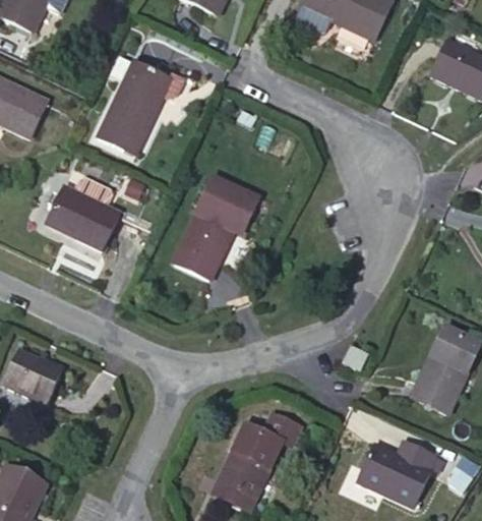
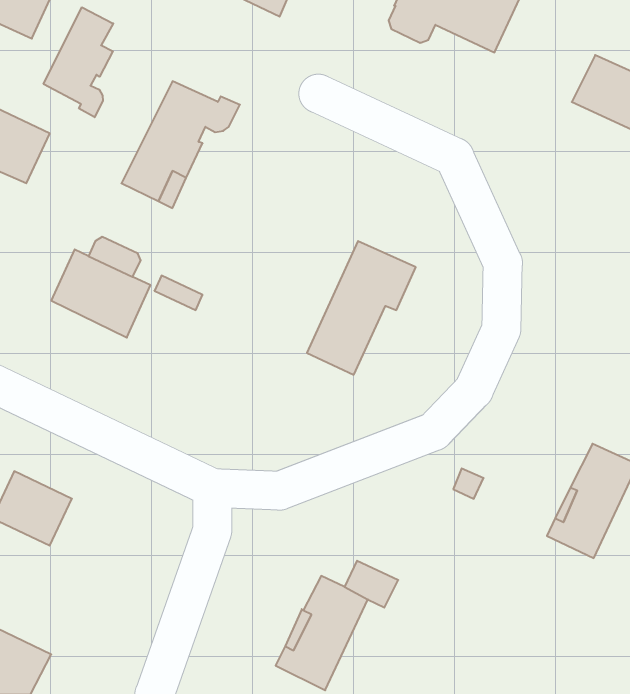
building: none -> [44,7,113,117]
building: [175,179,255,278] -> [307,241,416,375]
building: [358,443,436,507] -> none

